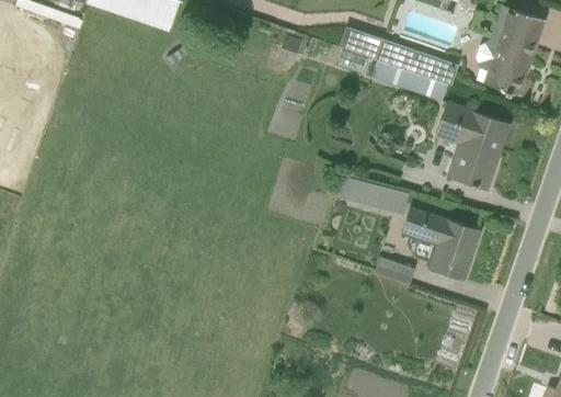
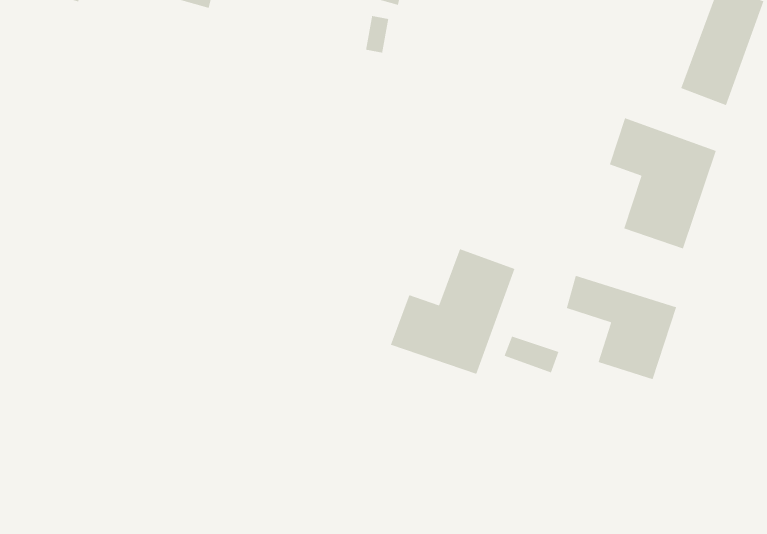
building: [341,29,454,105] -> none
building: none -> [390,248,516,375]

